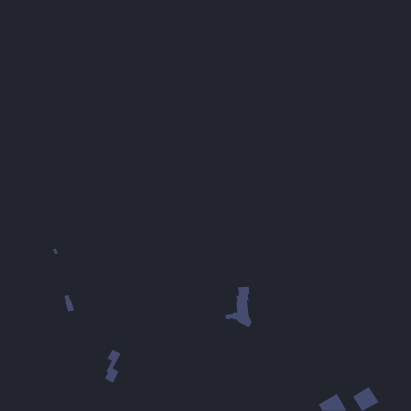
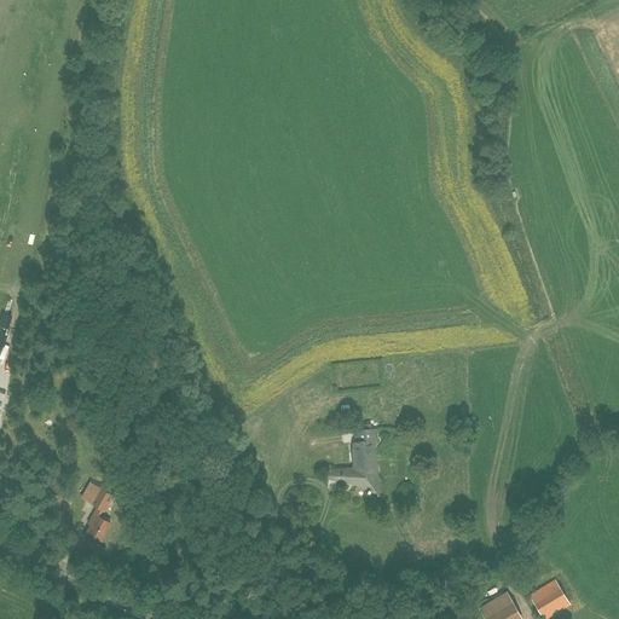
building: [104,349,122,383] -> [87,488,114,540]

